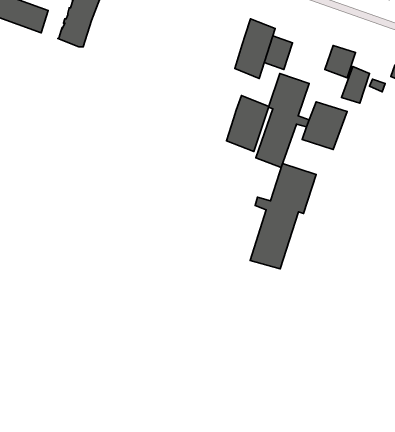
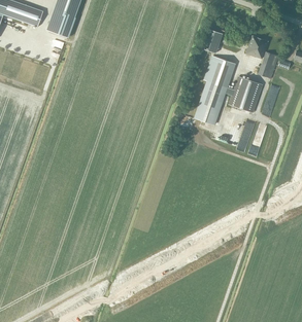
building: [235,19,275,78] -> none
building: [226,95,269,152] -> none
building: [250,163,316,269] -> none

